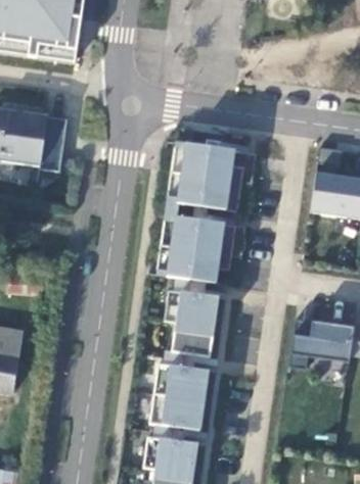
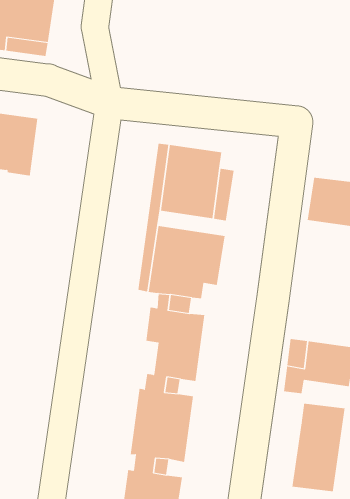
building: none -> [292,403,345,492]

